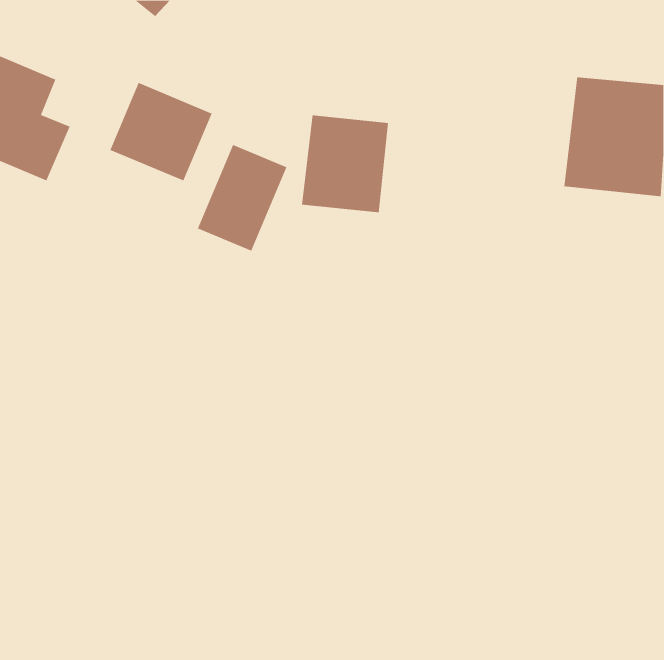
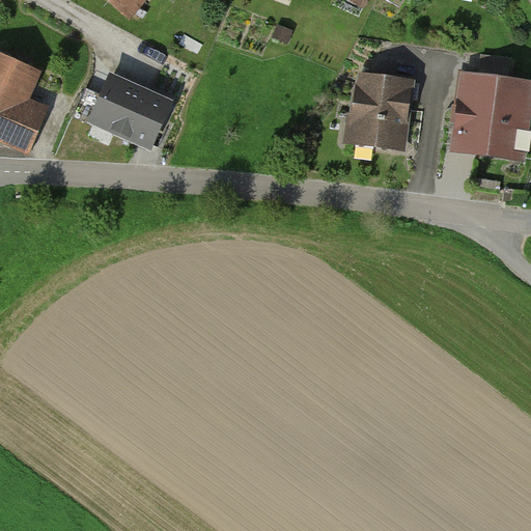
building: [301,115,389,213] -> [344,74,414,151]
building: [197,144,287,251] -> none

